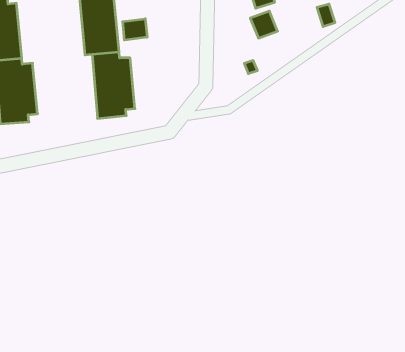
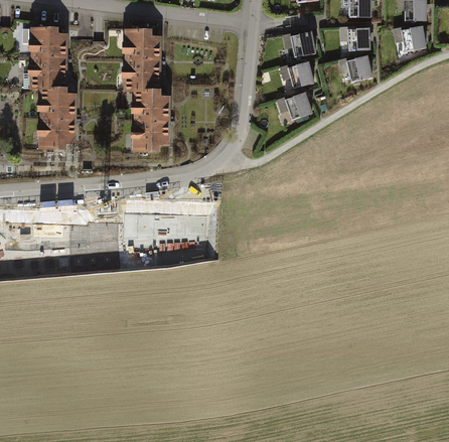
building: [123,19,147,40] -> none
building: none -> [287,92,311,121]

